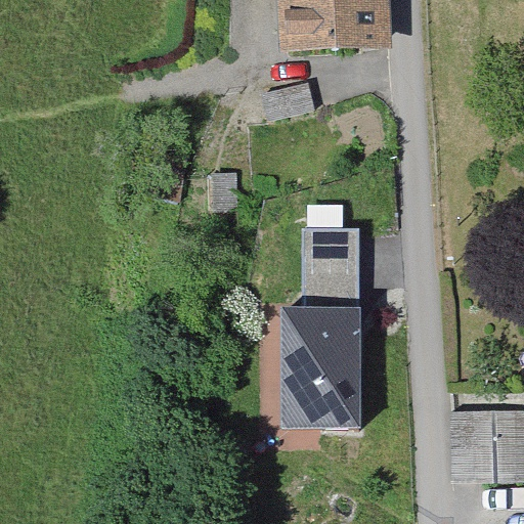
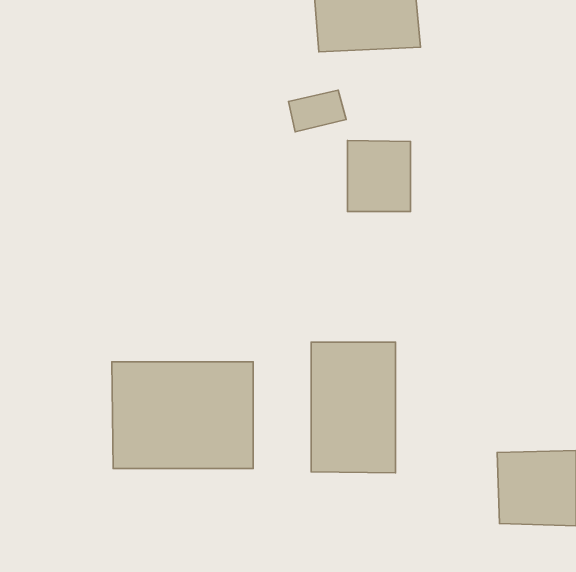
building: [302,228,359,293] -> [347,140,411,211]
building: none -> [112,362,253,468]

